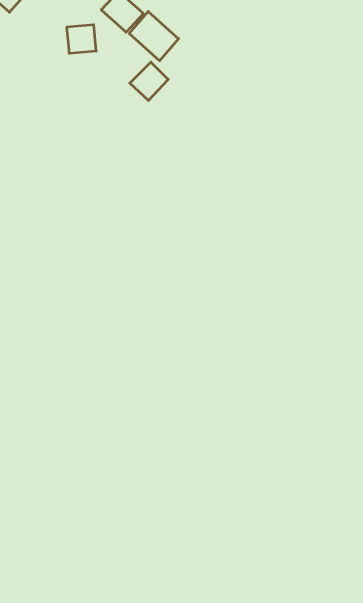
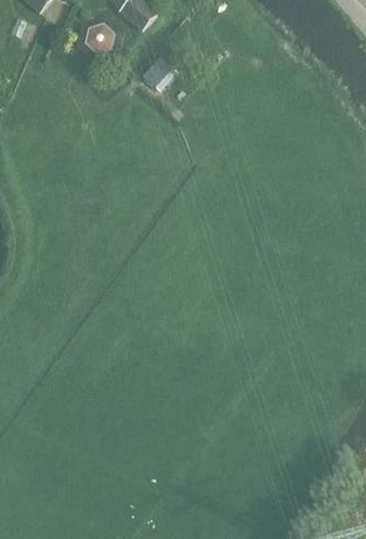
building: [129,11,179,61] -> none

